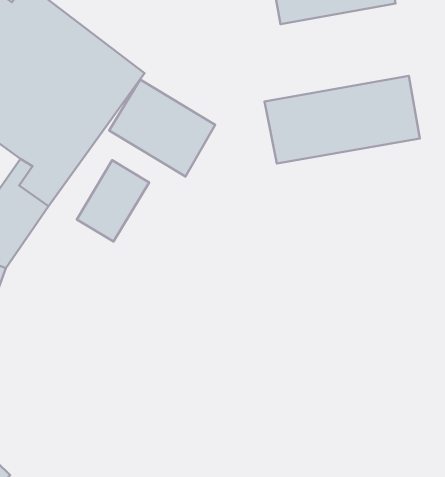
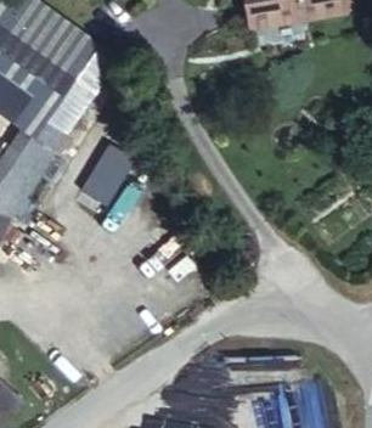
building: [264,76,420,164] -> none
building: [109,79,215,176] -> none

